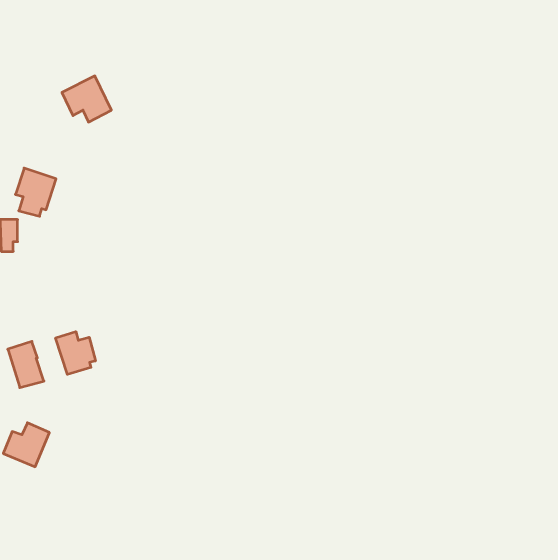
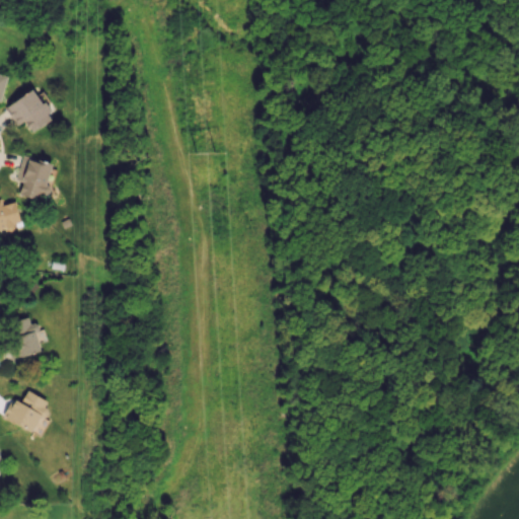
building: [62,76,111,122] -> [8,89,54,132]
building: [56,332,95,374] -> none

